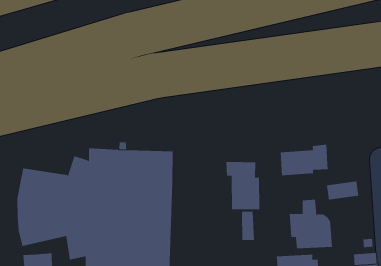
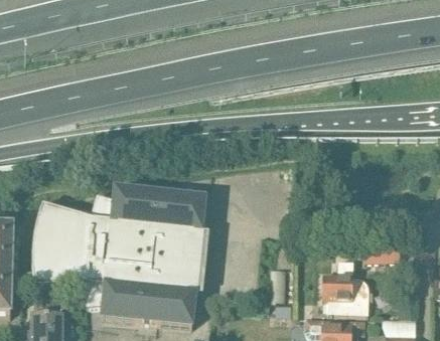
building: [280,144,328,176] -> none
building: [226,161,260,210] -> none

